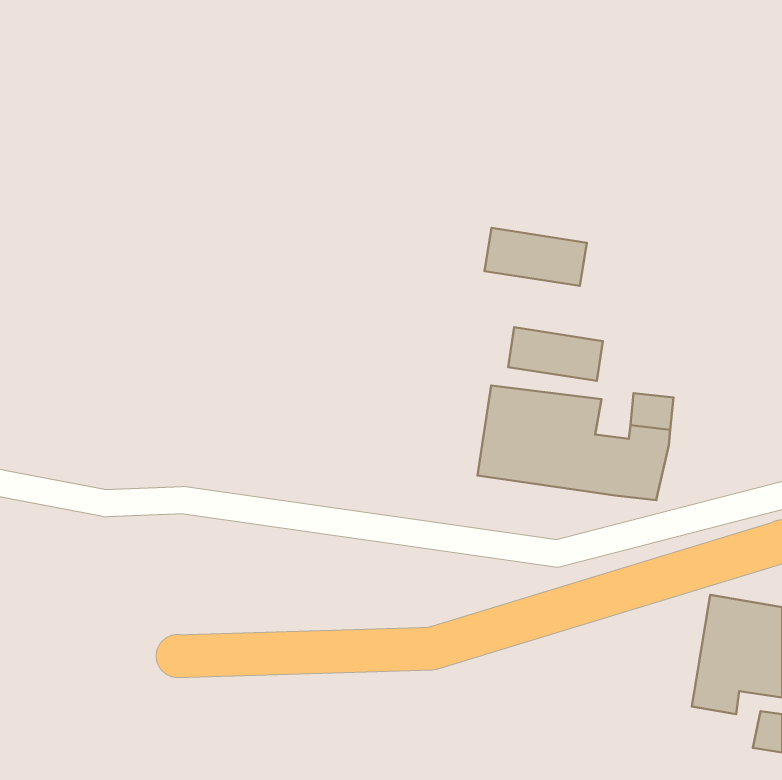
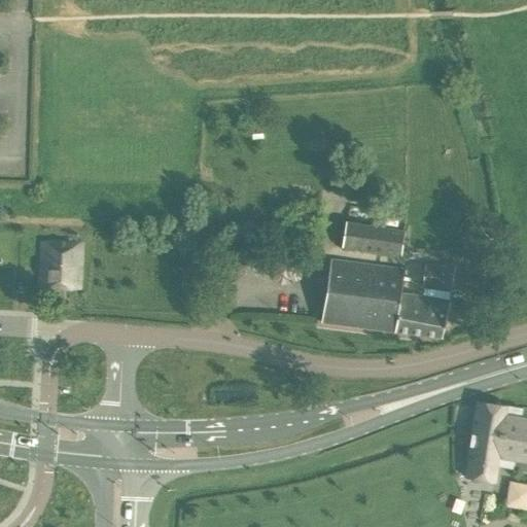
building: [485,228,587,286] -> none
building: none -> [40,242,83,288]

